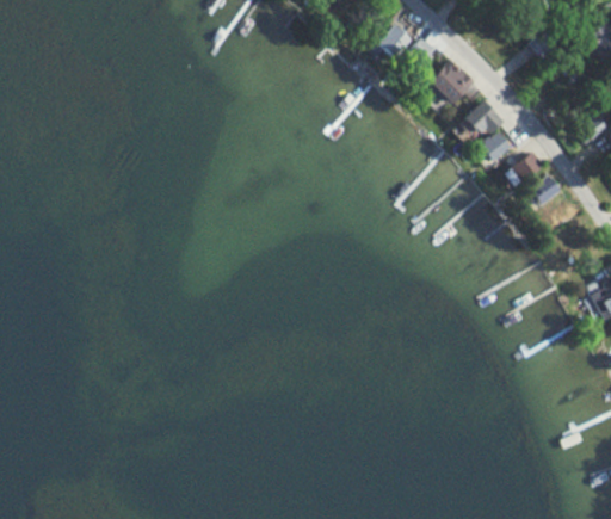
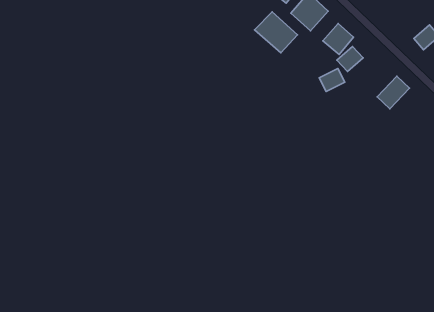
building: none -> [255,12,297,53]
building: [511,155,543,183] -> [319,69,345,91]

